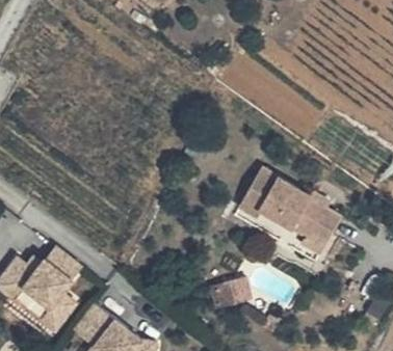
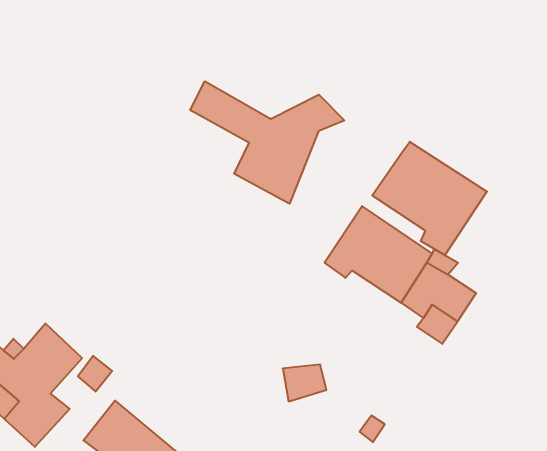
building: none -> [190,81,344,204]
building: none -> [372,142,487,255]

